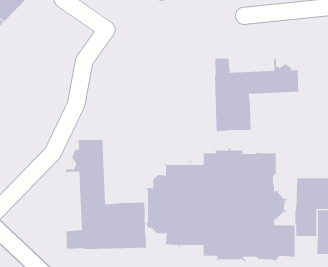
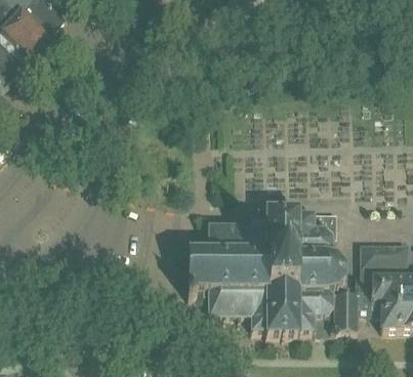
building: [215,58,299,132] -> none
building: [65,139,147,250] -> none

